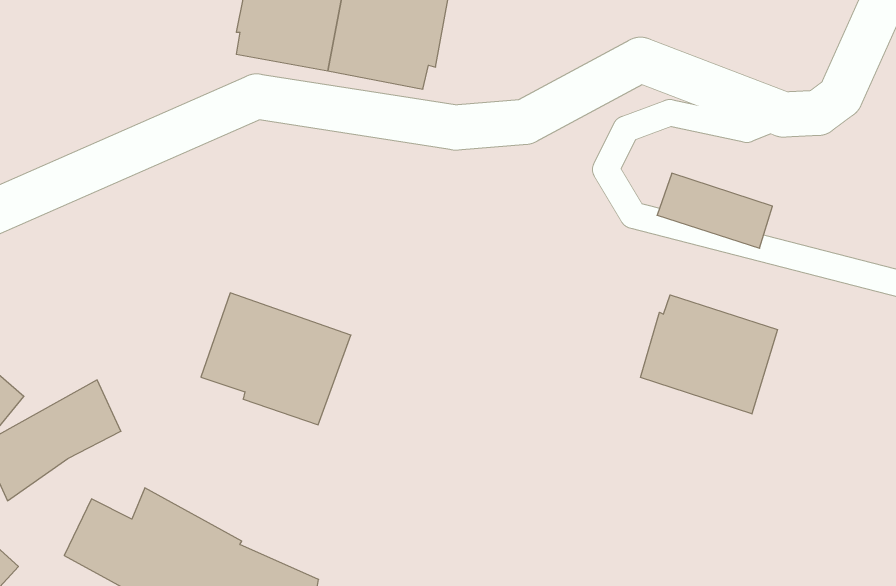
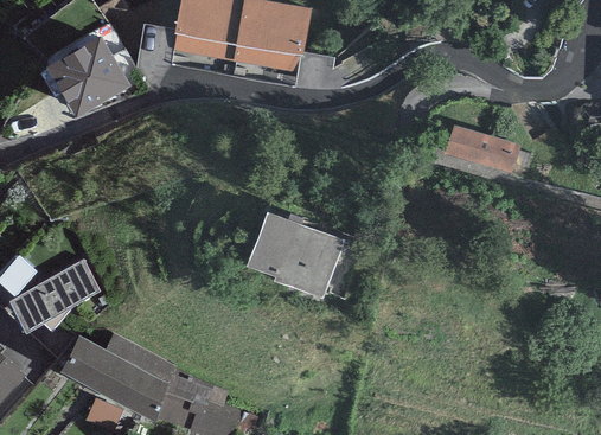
building: none -> [47,38,129,119]
building: [201,293,351,425] -> [247,213,344,299]
building: [640,295,778,414] -> none

